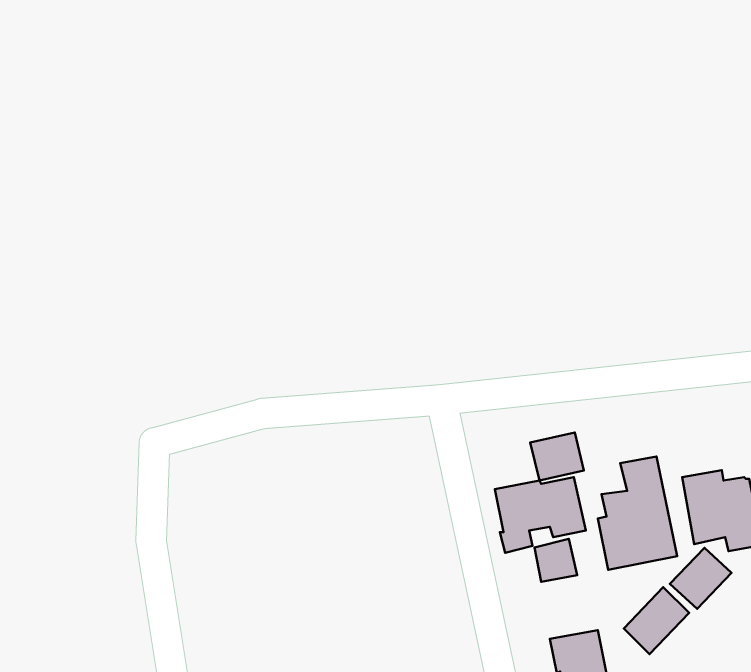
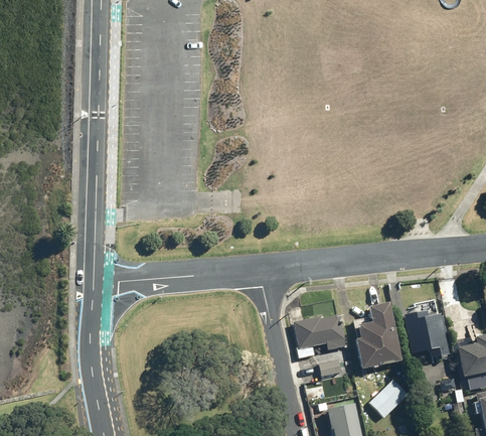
building: [530,432,584,481] -> none
building: [670,548,732,609] -> none

